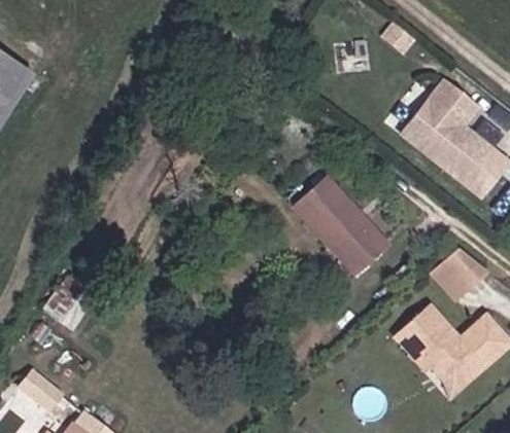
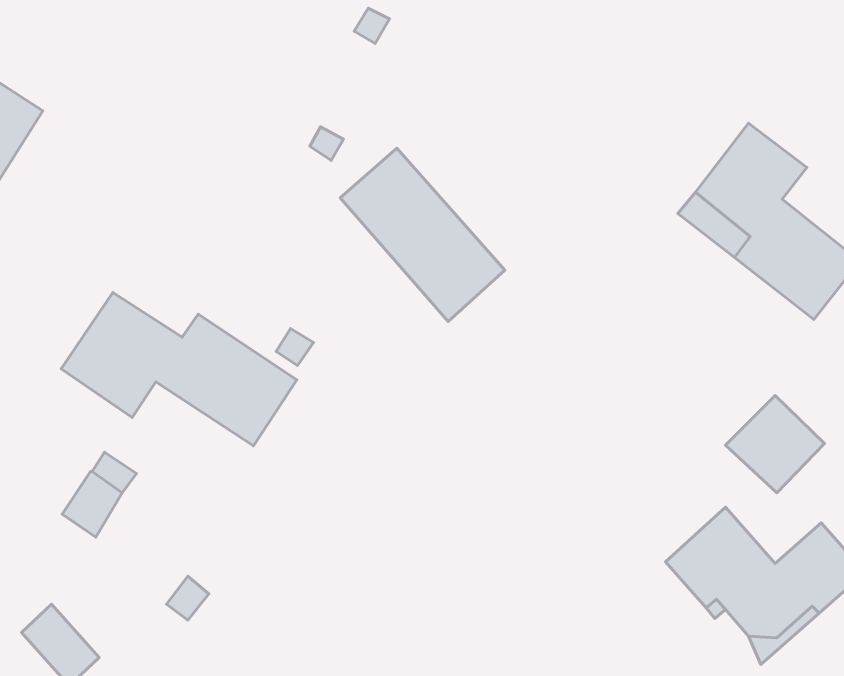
building: [294,176,389,277] -> [340,148,505,322]
building: none -> [61,293,297,446]

